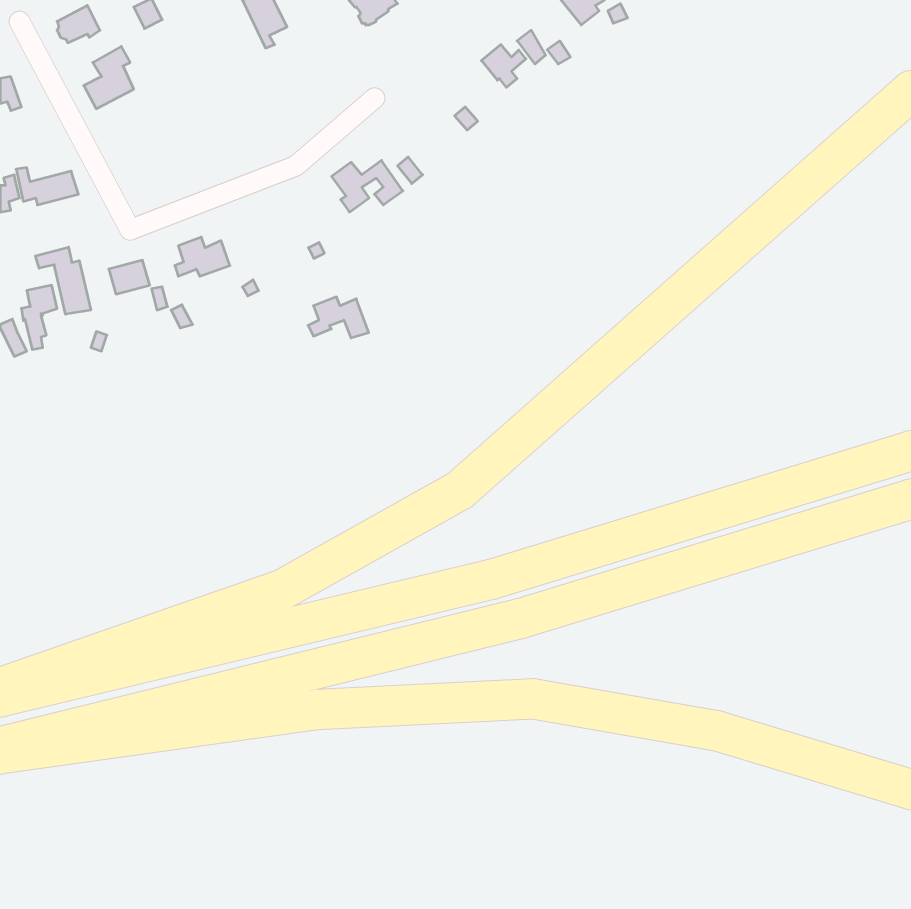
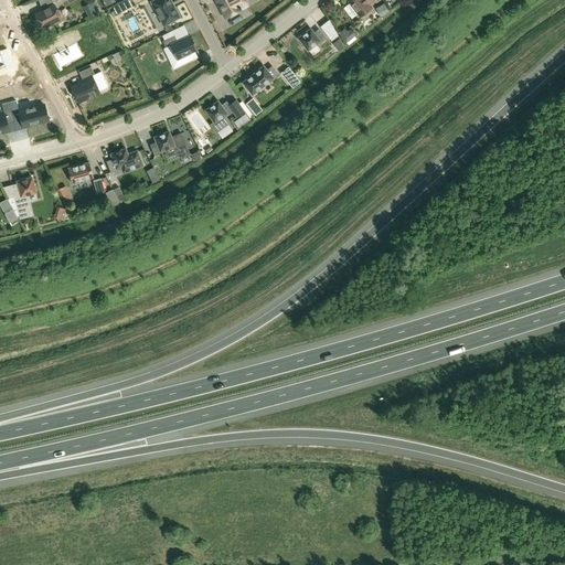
building: none -> [162,34,196,57]
building: none -> [243,65,279,94]
building: none -> [71,66,108,99]
building: [35,247,91,314] -> none
building: [308,297,369,338] -> [151,130,189,156]

